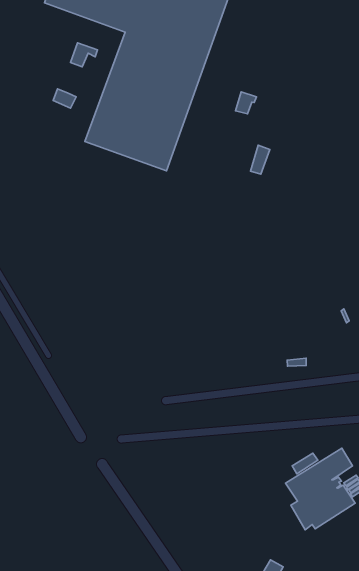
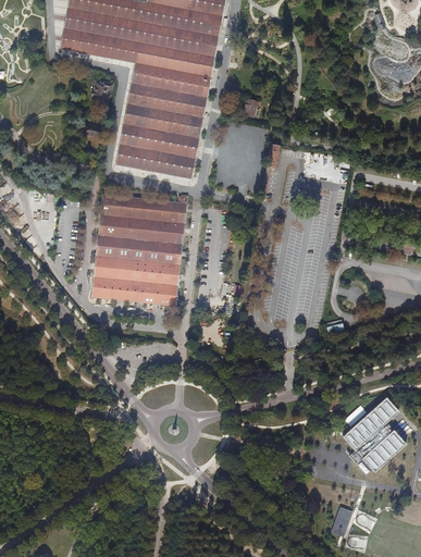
building: none -> [91,193,187,306]

